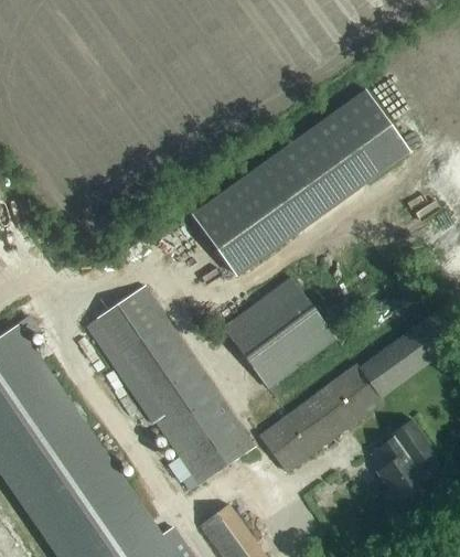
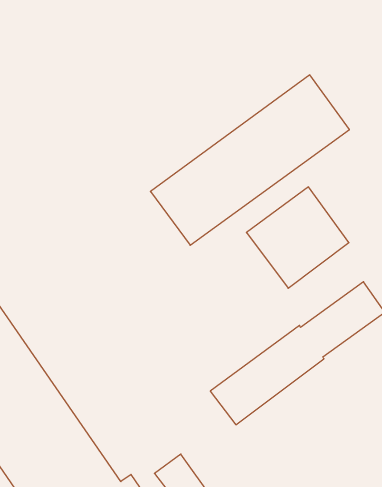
building: [224,278,335,388] -> [246,187,349,288]
building: [88,286,254,484] -> none
building: [378,418,436,502] -> none

